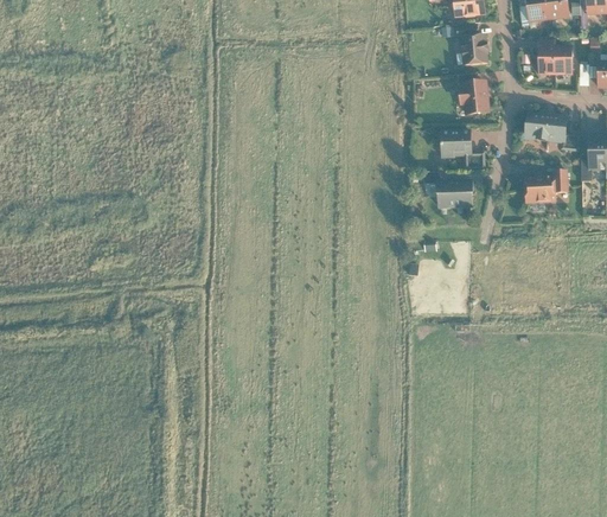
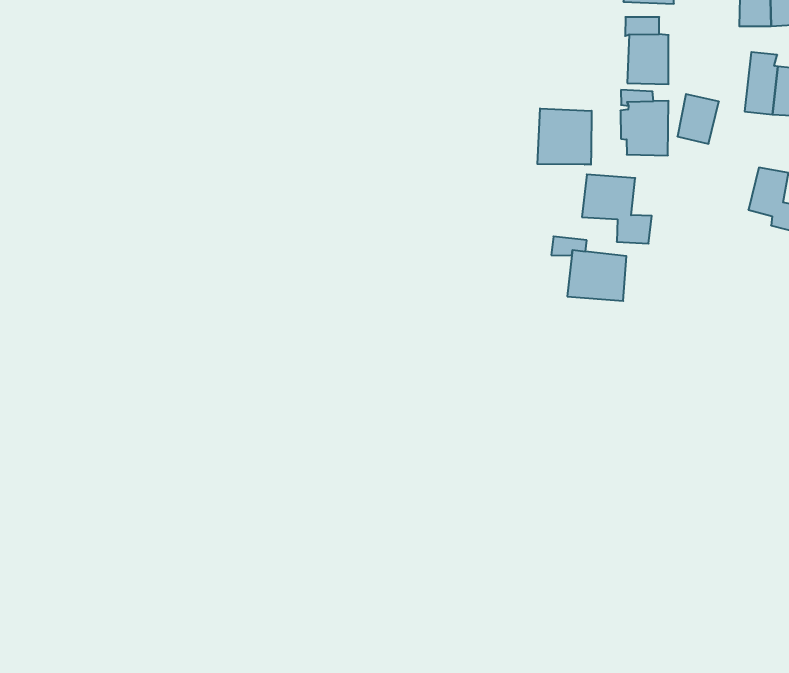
building: none -> [537,108,592,165]
building: [525,113,549,142] -> [677,94,719,144]
building: [525,171,568,204] -> none

